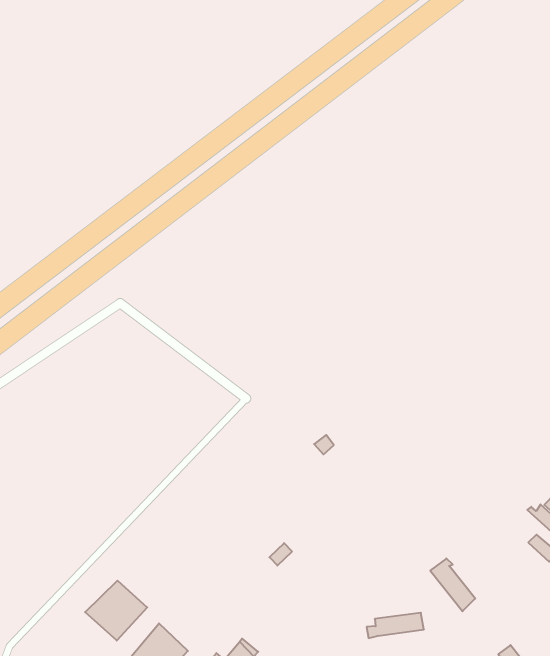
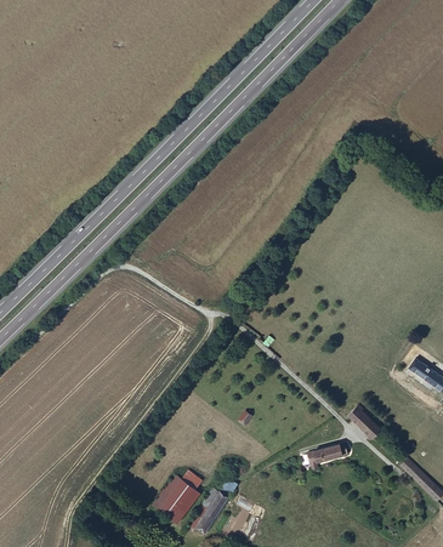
building: [85,581,147,641] -> none

